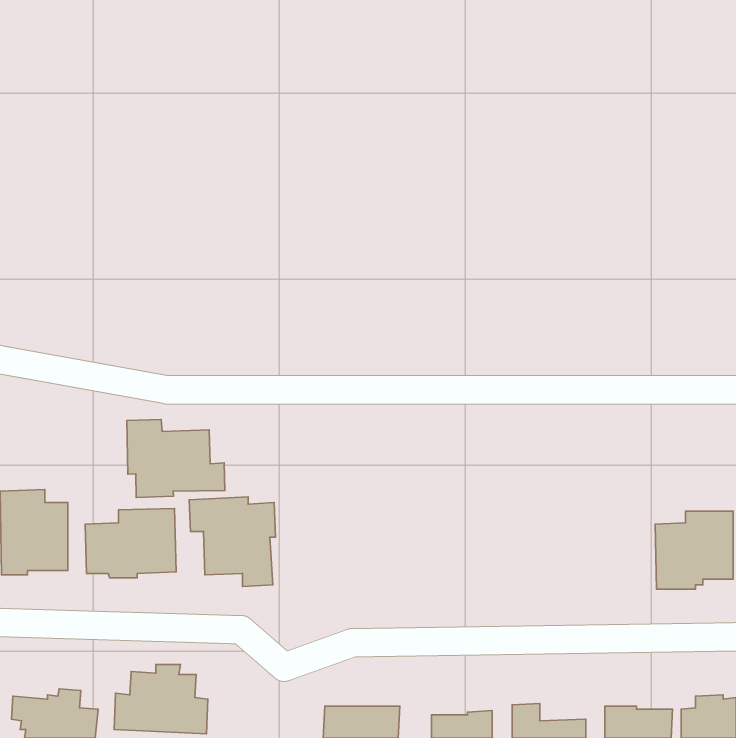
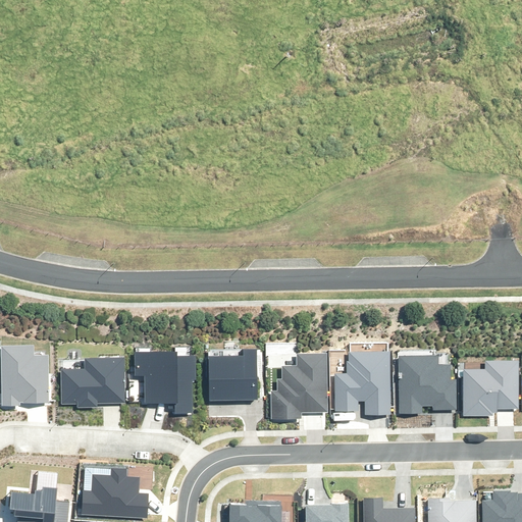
building: [127,420,225,497] -> none
building: none -> [209,349,257,400]
building: none -> [333,352,388,415]
building: none -> [270,355,326,419]
building: none -> [397,355,456,414]

